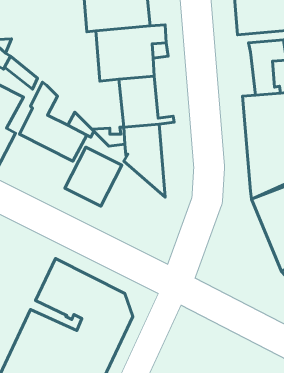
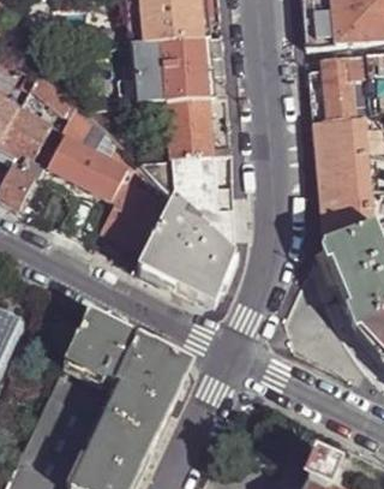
building: none -> [136,198,233,309]

